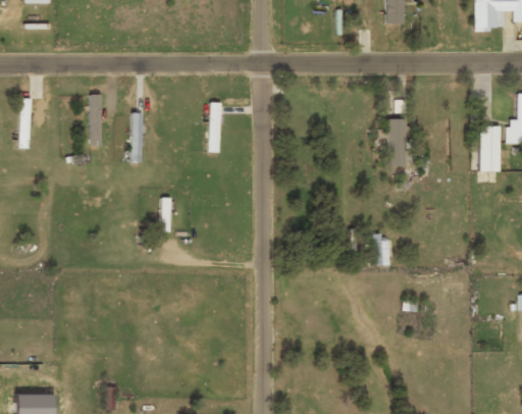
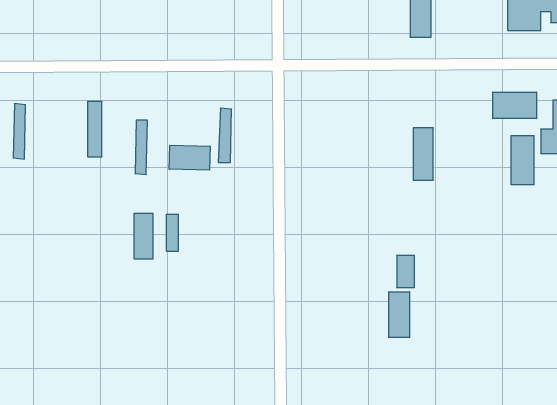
building: none -> [493,92,536,119]
building: none -> [169,145,210,170]
building: none -> [134,213,153,259]
building: none -> [389,292,410,338]

